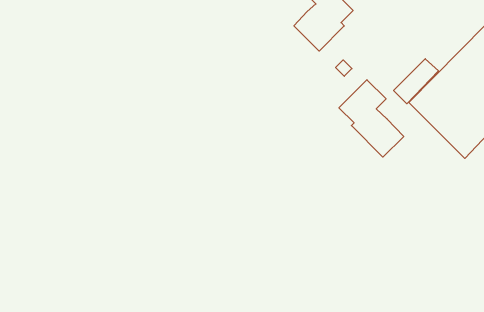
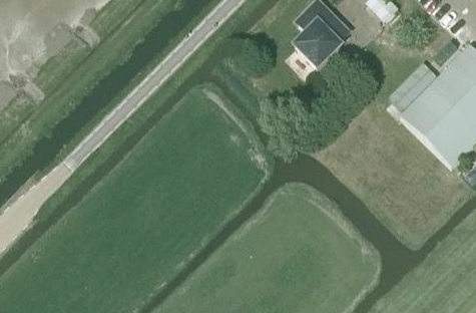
building: [339,80,404,157] -> none

